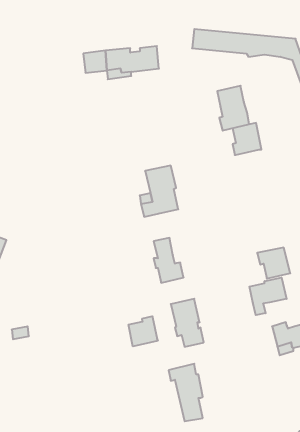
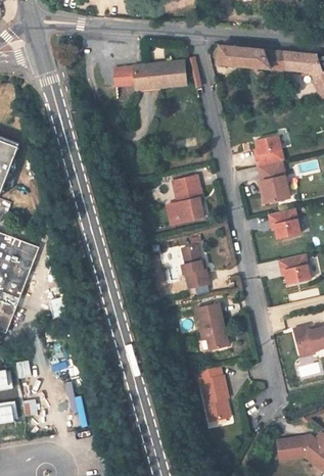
building: [217,86,249,131] -> [259,160,289,203]
building: none -> [269,208,299,239]
building: [249,278,287,315] -> none
building: [129,316,158,346] -> none

